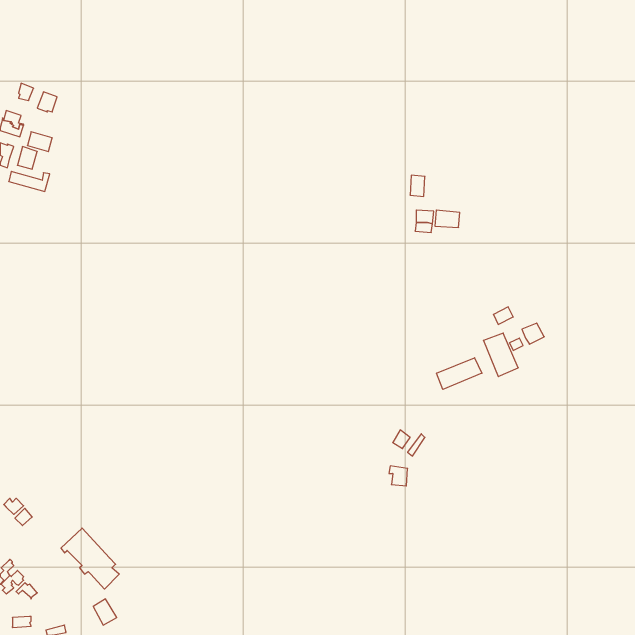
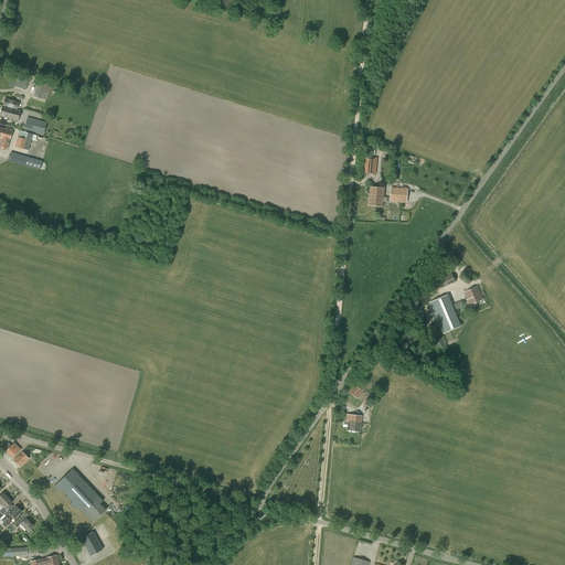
building: [437,358,482,389] -> none

